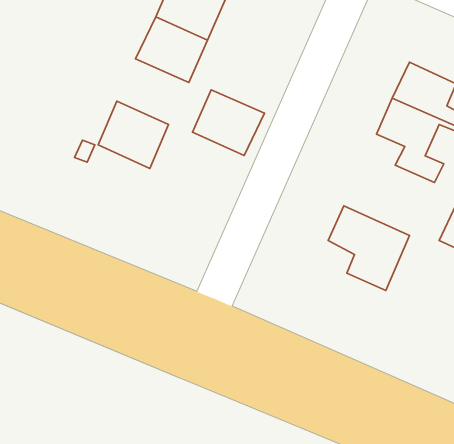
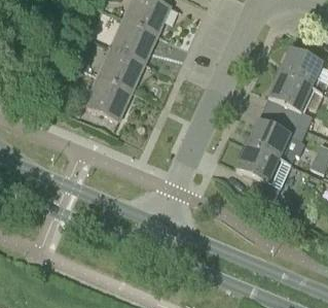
building: [192,90,264,156] -> [99,47,146,91]
building: none -> [248,117,307,164]

